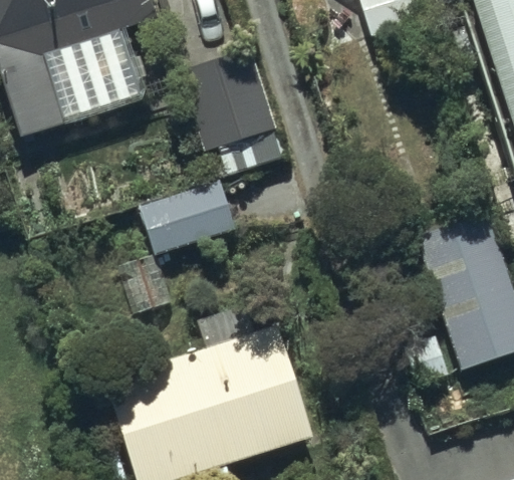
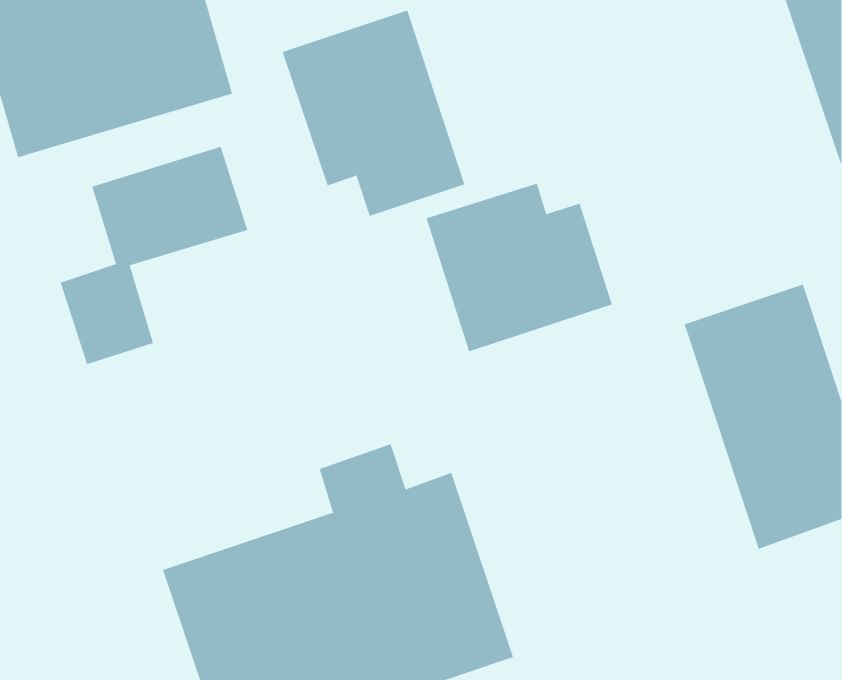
building: none -> [426,183,613,352]
building: [120,178,233,308] -> [60,146,248,365]

